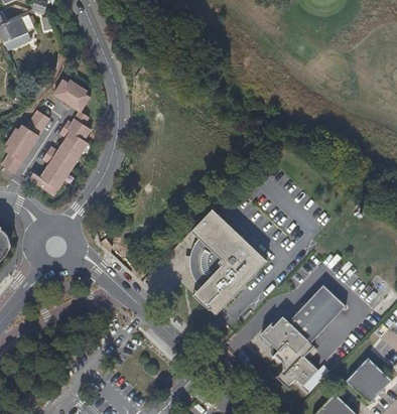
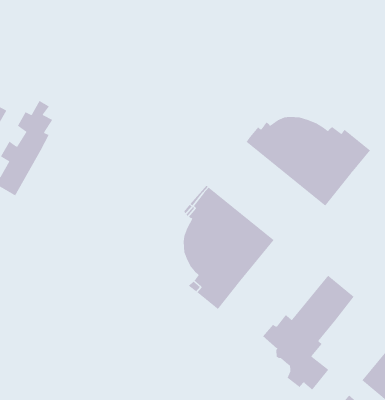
building: [50,81,87,113] -> none
building: none -> [246,116,371,207]

